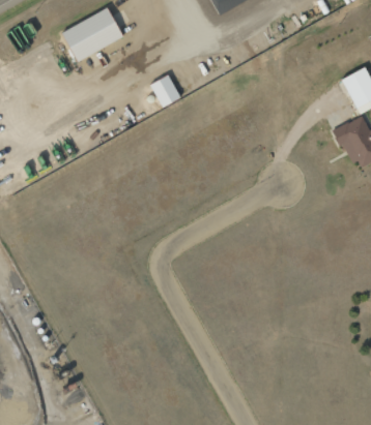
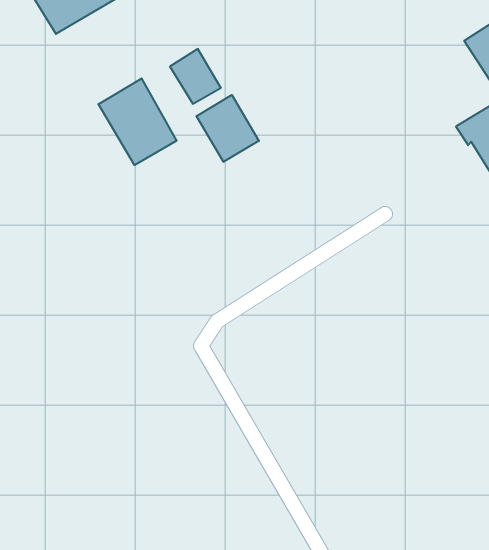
building: none -> [98,78,177,165]
building: none -> [196,95,259,162]

